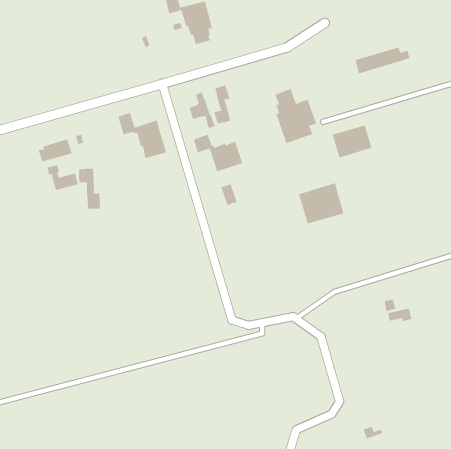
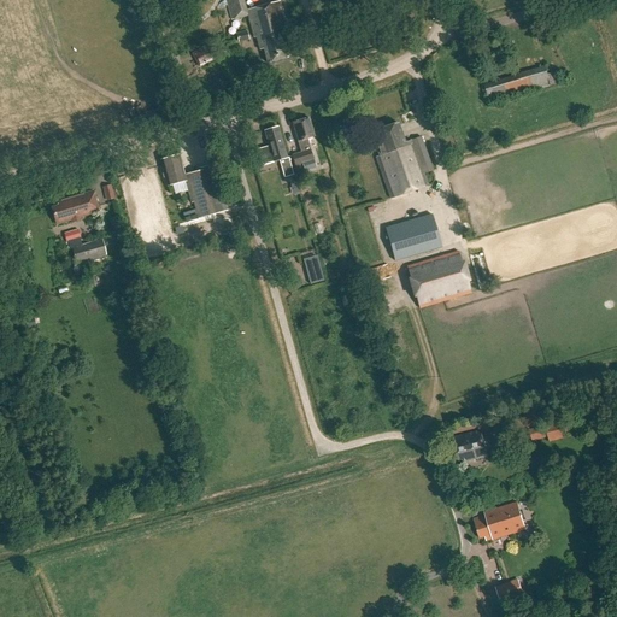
building: [332,125,372,158] -> [386,213,441,259]
building: [193,134,243,172] -> none
building: [79,168,100,209] -> none
building: none -> [453,429,503,462]
building: none -> [474,501,525,539]

